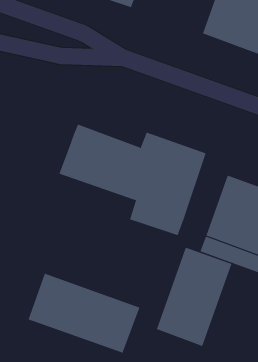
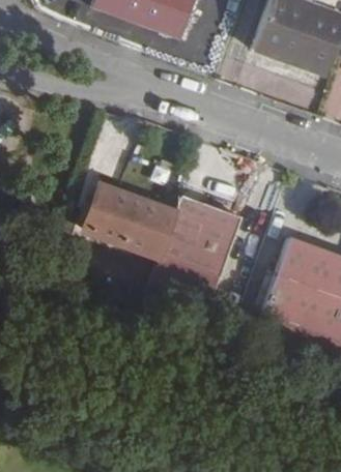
building: [156,247,232,347] -> none
building: [28,273,140,353] -> none

